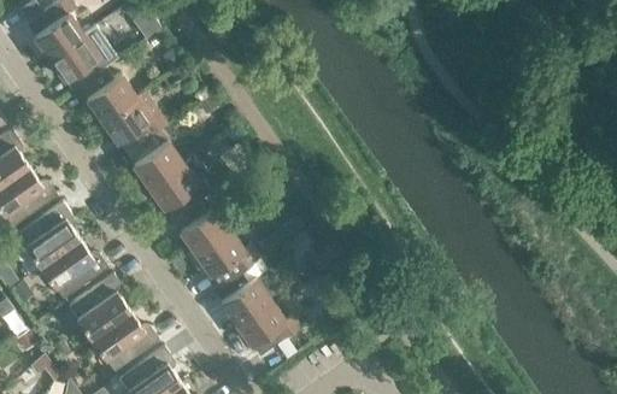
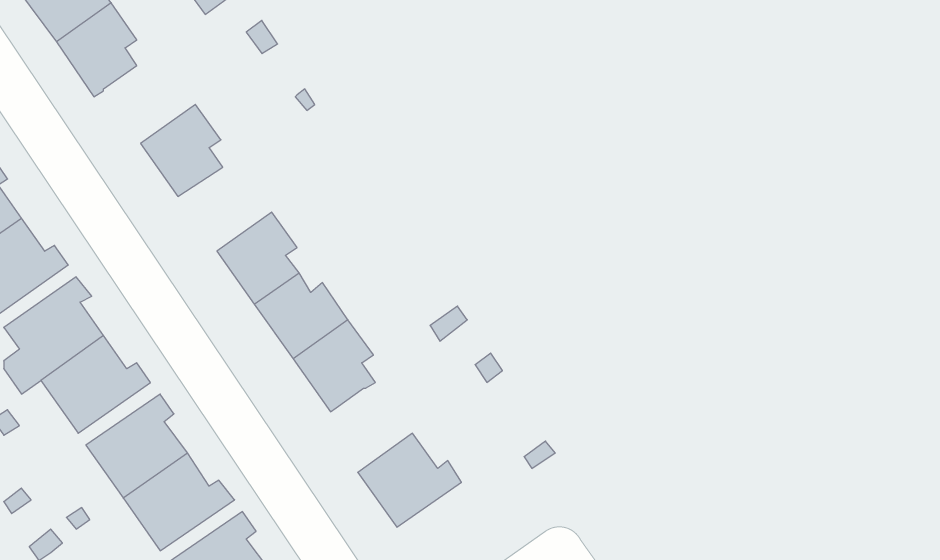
building: [78,66,135,119] -> none
building: [124,134,182,186] -> none
building: [212,270,269,322] -> none

